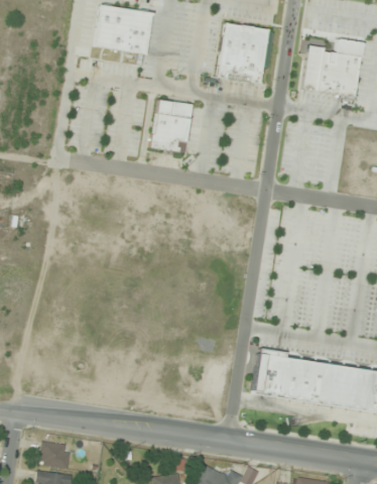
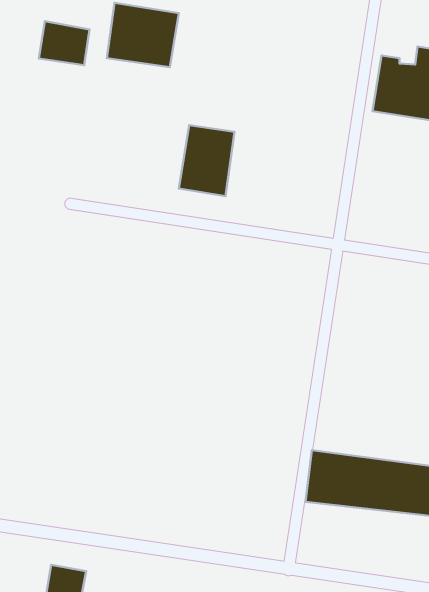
building: none -> [39,21,90,65]
building: [216,21,268,83] -> none

